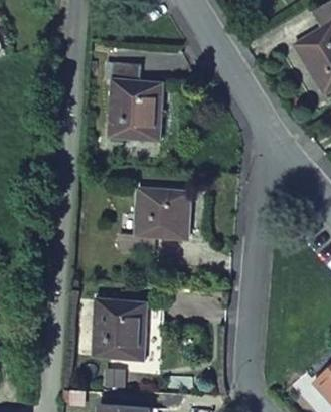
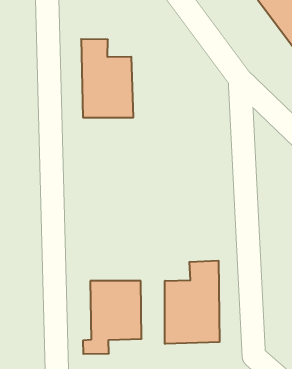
building: [117,191,188,255] -> none
building: none -> [165,261,219,344]

